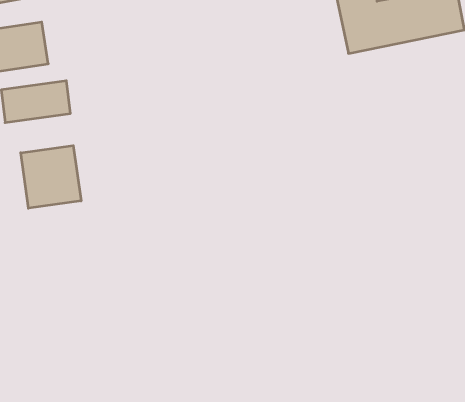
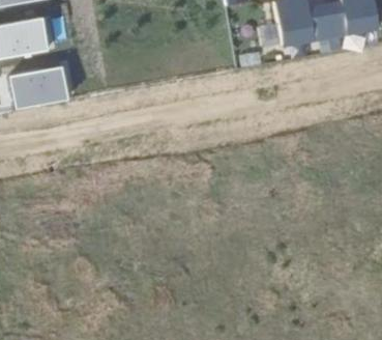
building: [21,146,81,208] -> none

